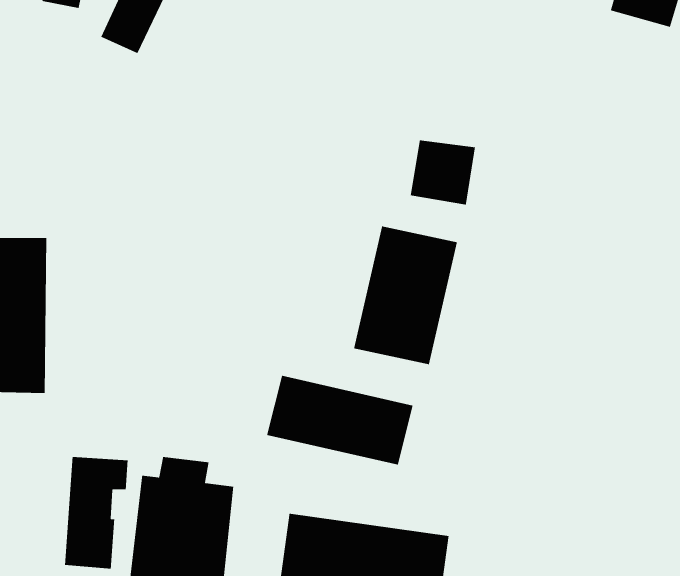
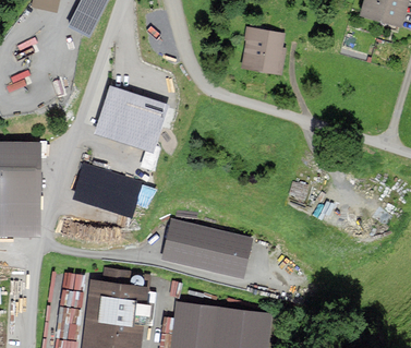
building: none -> [95,85,169,152]
building: [410,139,476,205] -> [244,32,282,70]
building: [353,225,458,365] -> none
building: none -> [73,164,143,217]

